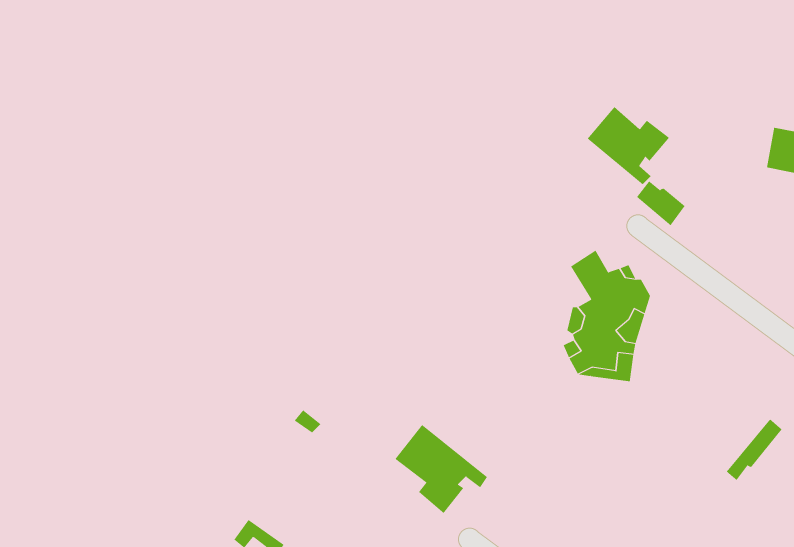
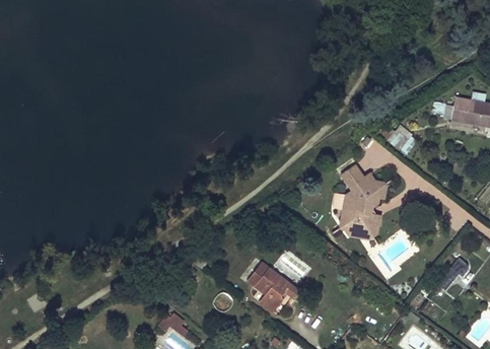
building: [587,106,670,185] -> none

